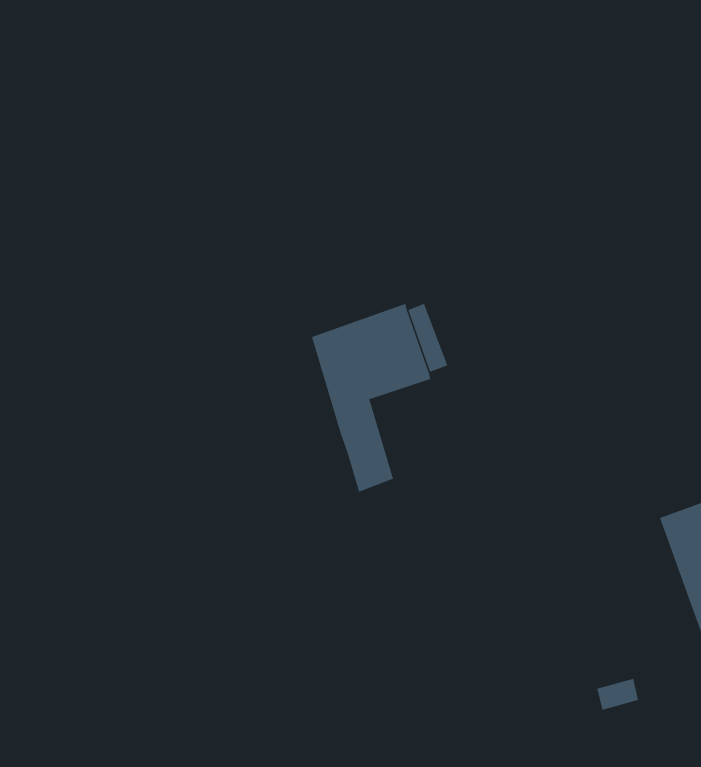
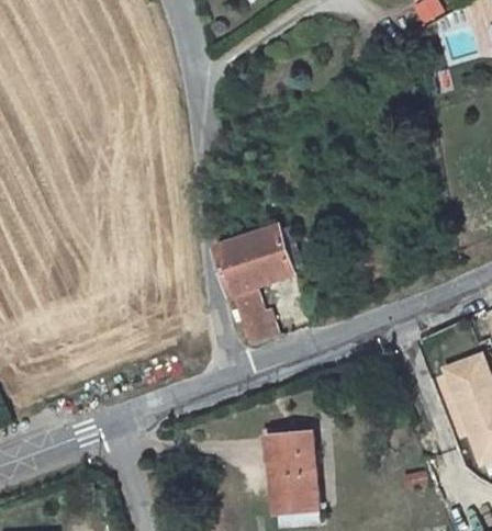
building: none -> [269,436,316,515]

